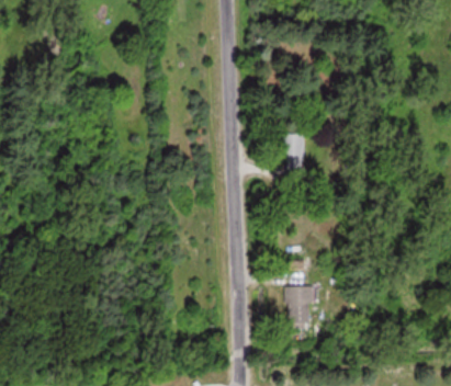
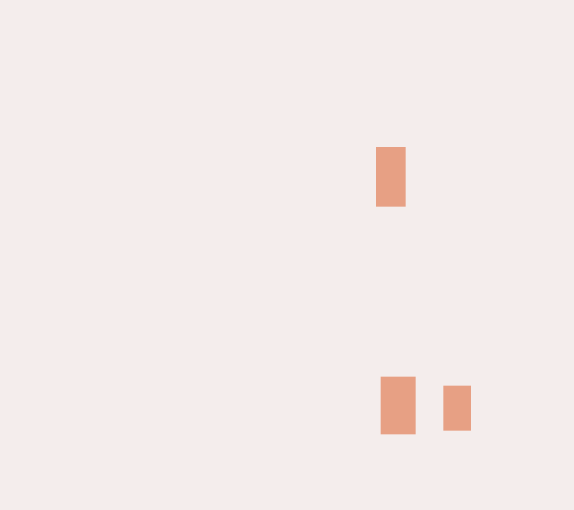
building: none -> [442,385,472,432]

